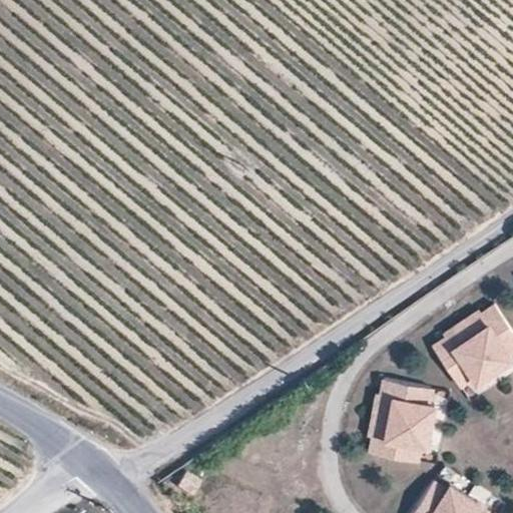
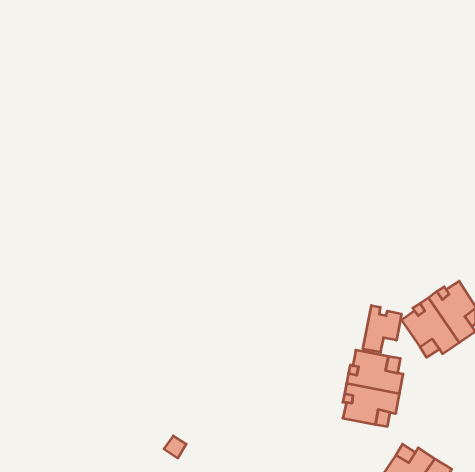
building: none -> [363,305,401,352]

